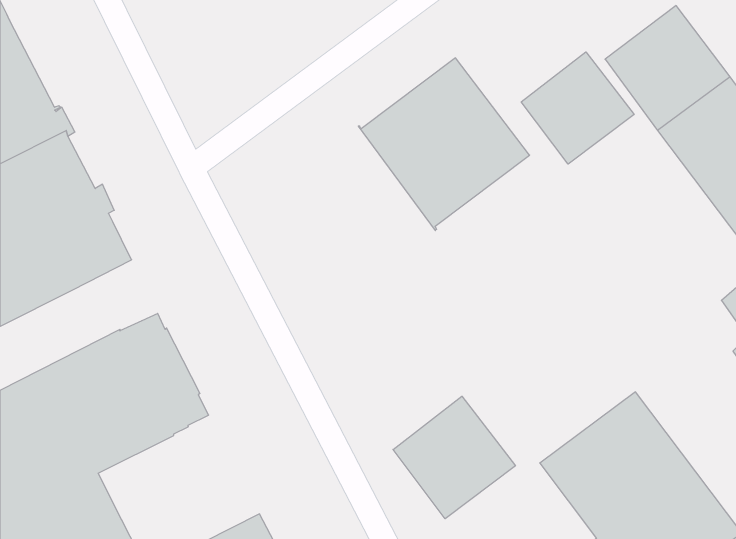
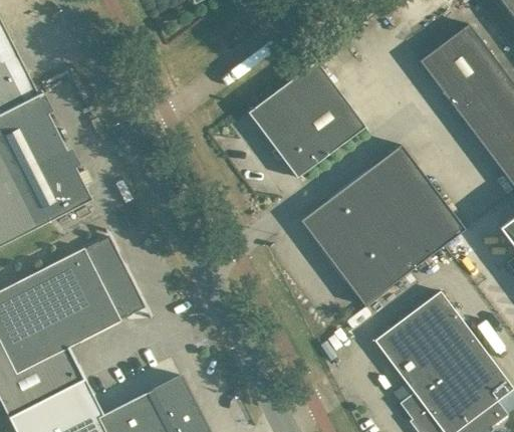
building: [521,52,634,164] -> none
building: none -> [314,145,465,306]
building: [393,396,515,519] -> none

